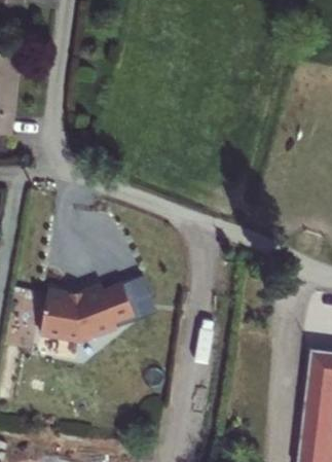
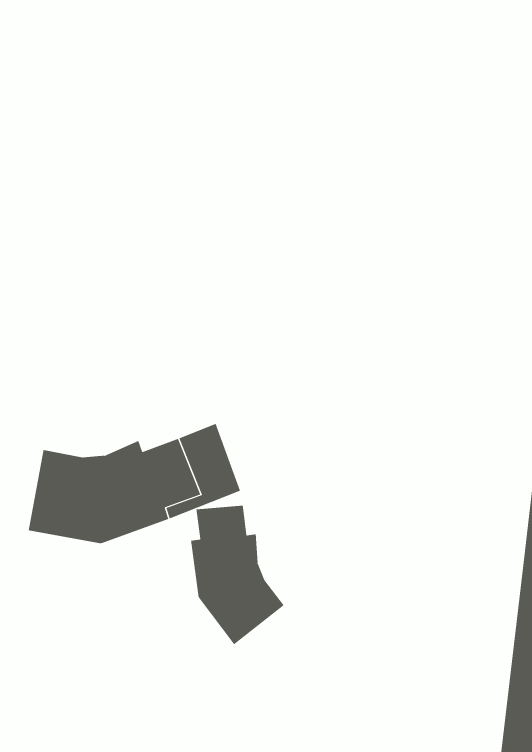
building: none -> [191,505,285,645]

